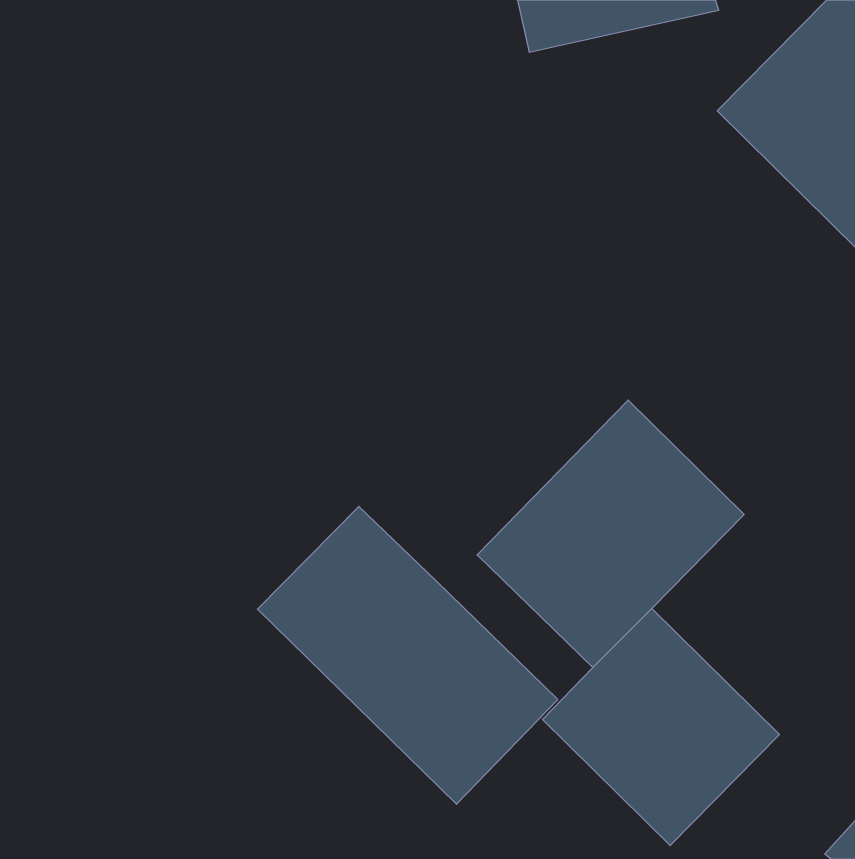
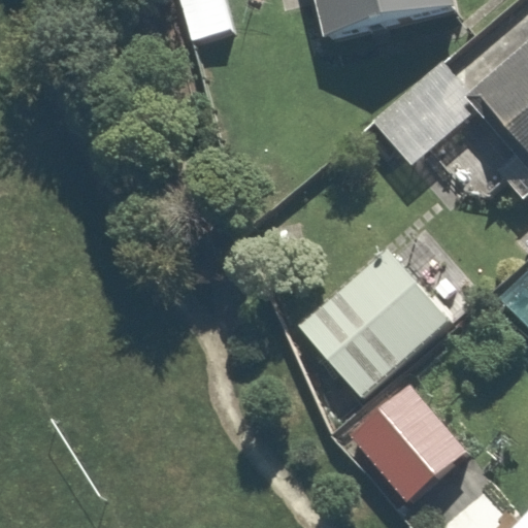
building: [257,506,558,804] -> none

